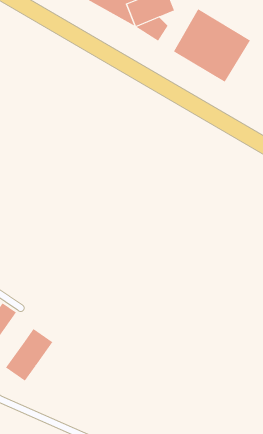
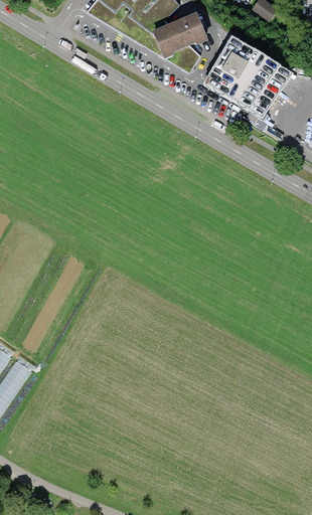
building: [5,328,53,381] -> none

